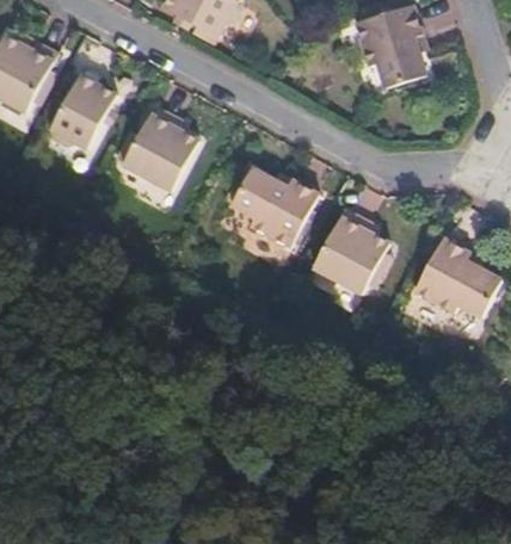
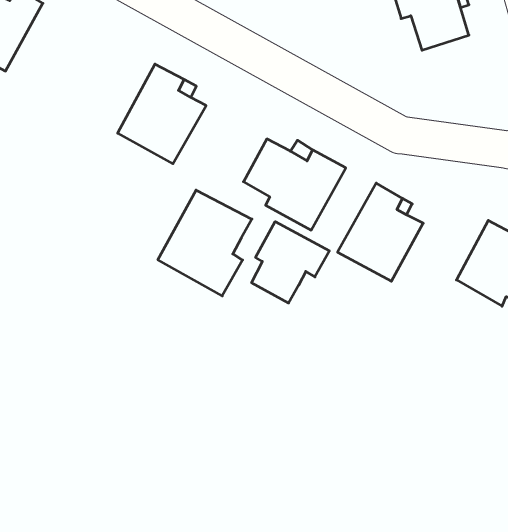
building: [49,66,116,148] -> none
building: none -> [158,190,252,296]
building: none -> [252,222,329,303]

